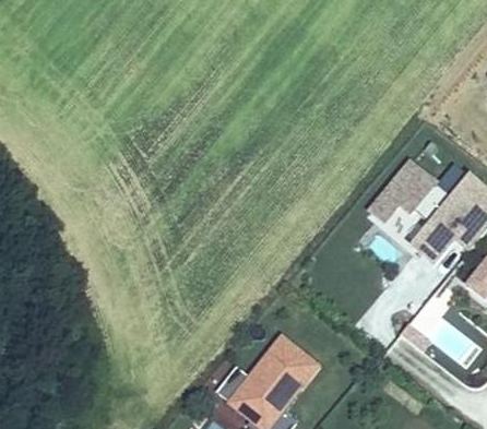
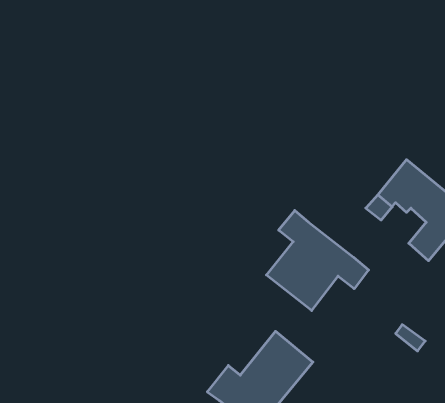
building: none -> [266,210,369,311]

